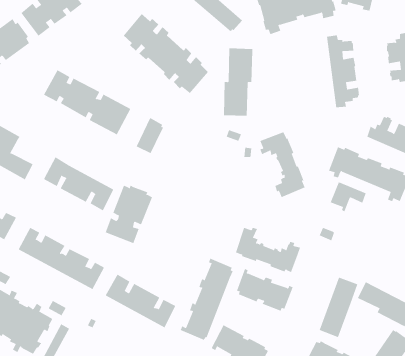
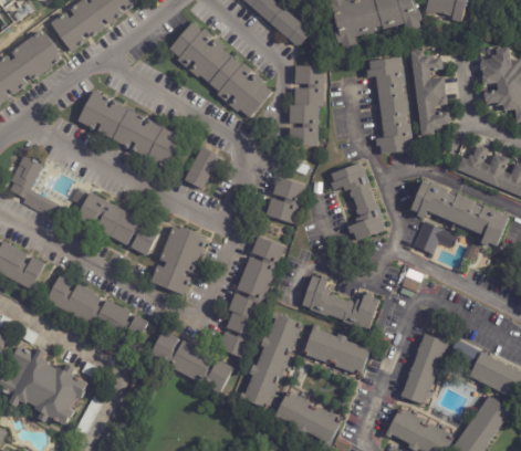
building: none -> [367,56,413,154]
building: none -> [264,176,304,223]
building: none -> [217,235,284,359]

